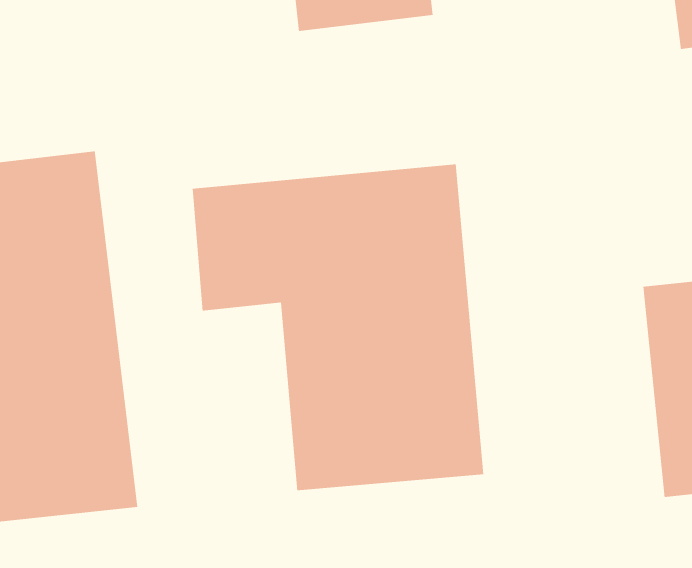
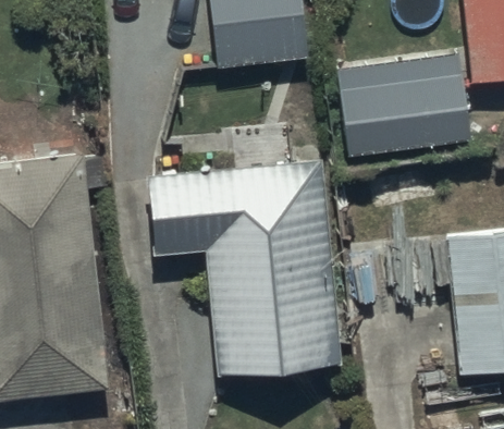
building: none -> [334,47,469,146]

